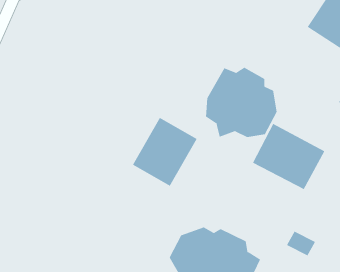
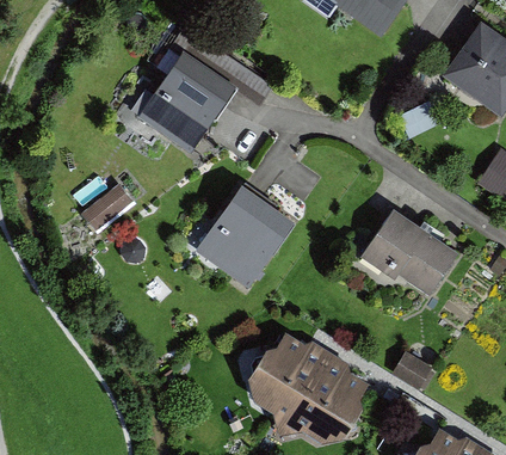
building: none -> [141,45,240,149]
building: [205,67,277,138] -> none
building: none -> [84,180,138,233]

